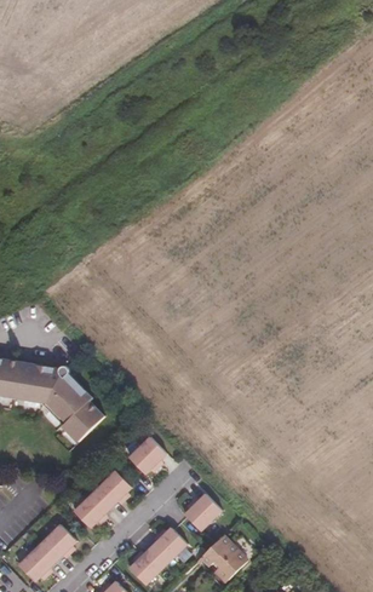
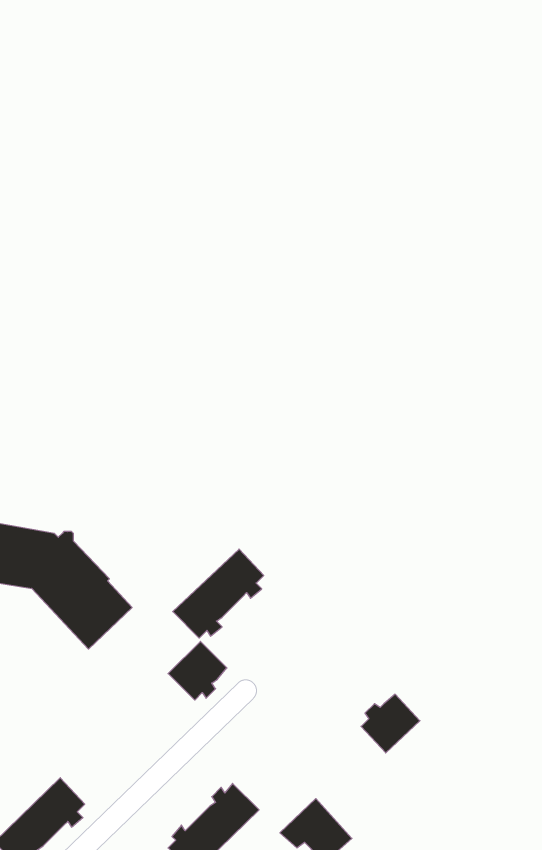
building: [73,471,131,528] -> [173,549,264,638]
building: [184,495,222,533] -> [361,694,420,753]

